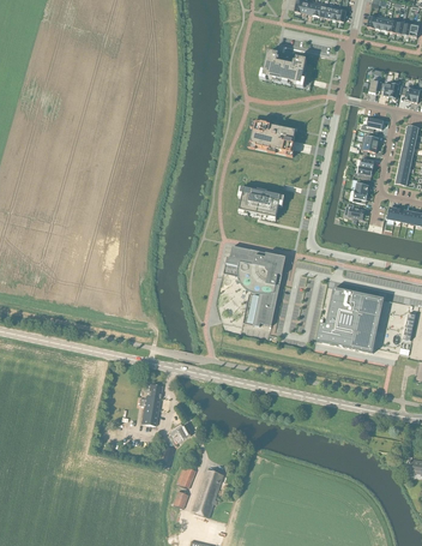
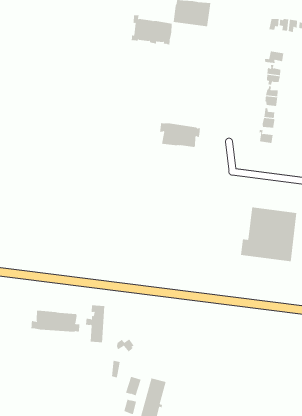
building: [248,118,296,155] -> [131,15,173,45]
building: [225,246,287,325] -> none
building: none -> [31,310,80,333]

